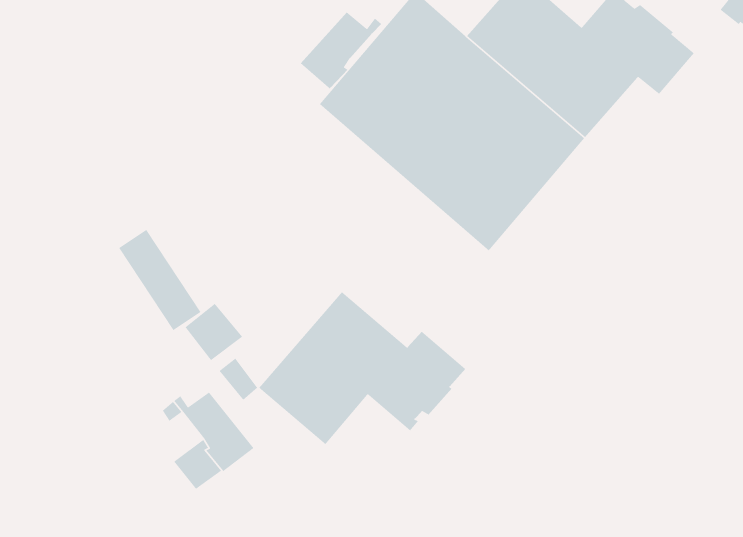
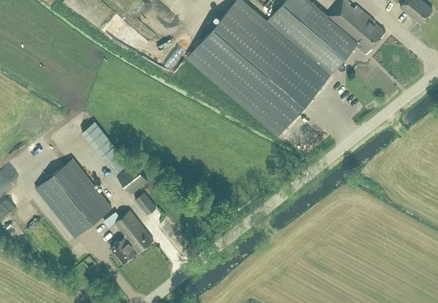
building: [300,12,382,90] -> none
building: [258,291,466,445] -> none
building: none -> [34,158,112,238]

